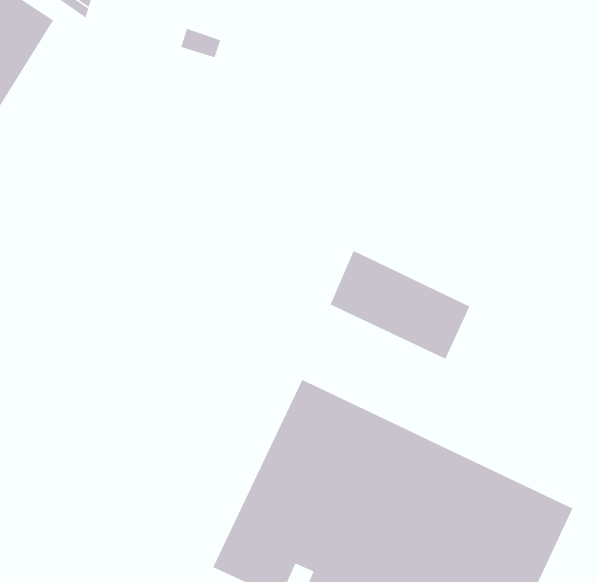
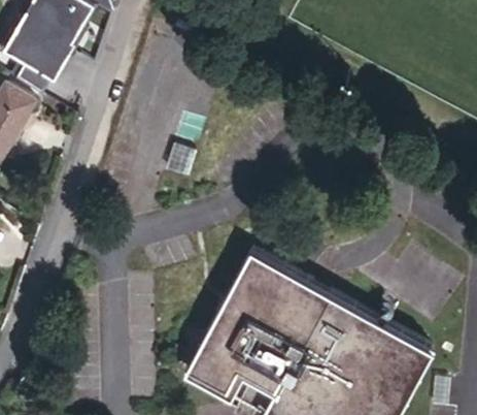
building: [330,250,470,360] -> none

